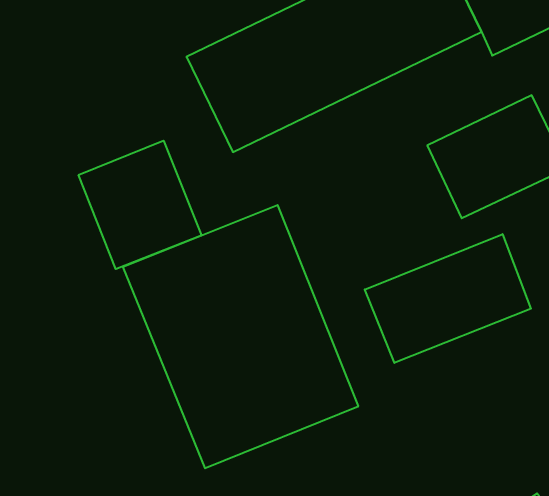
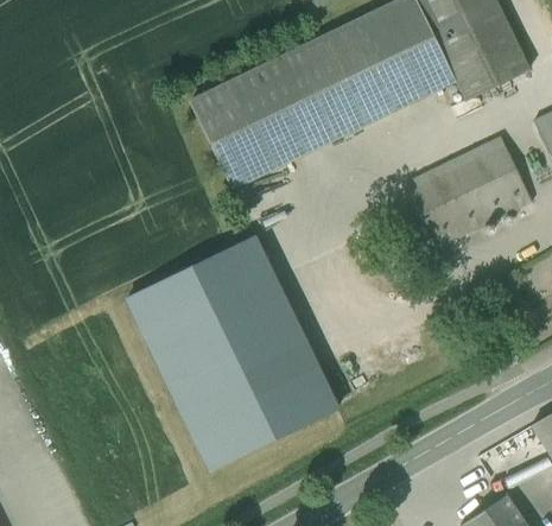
building: [79,141,202,269] -> none
building: [365,234,531,363] -> none

